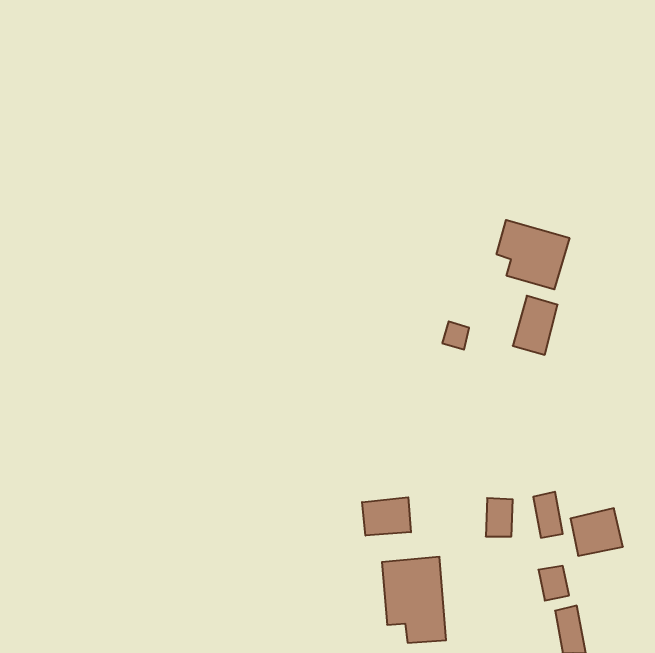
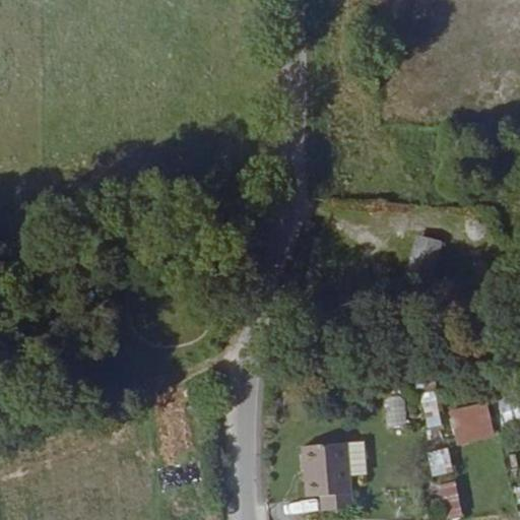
building: [497,220,569,289] -> none
building: [362,497,411,536] -> none

